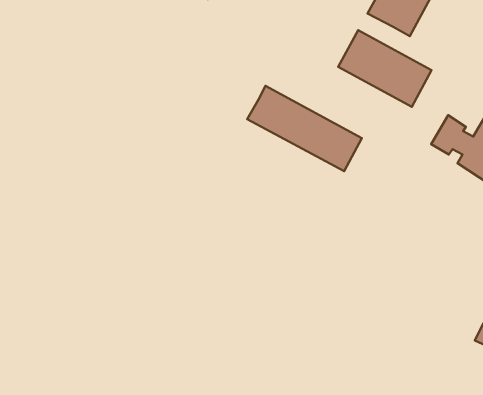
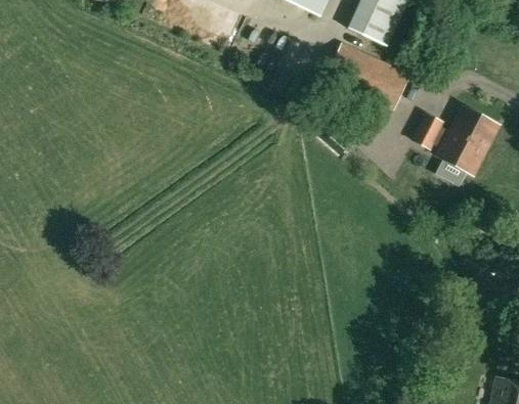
building: [247,86,362,171] -> none

